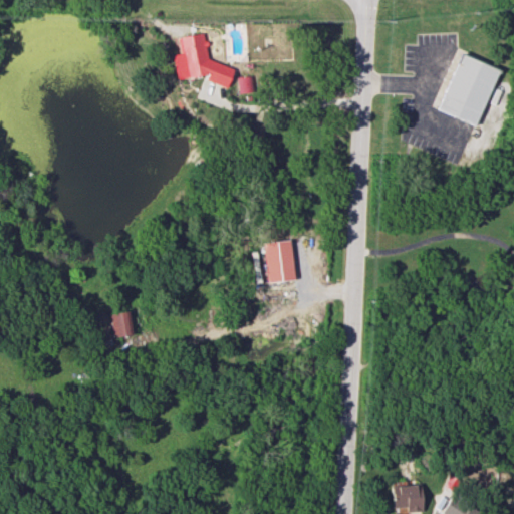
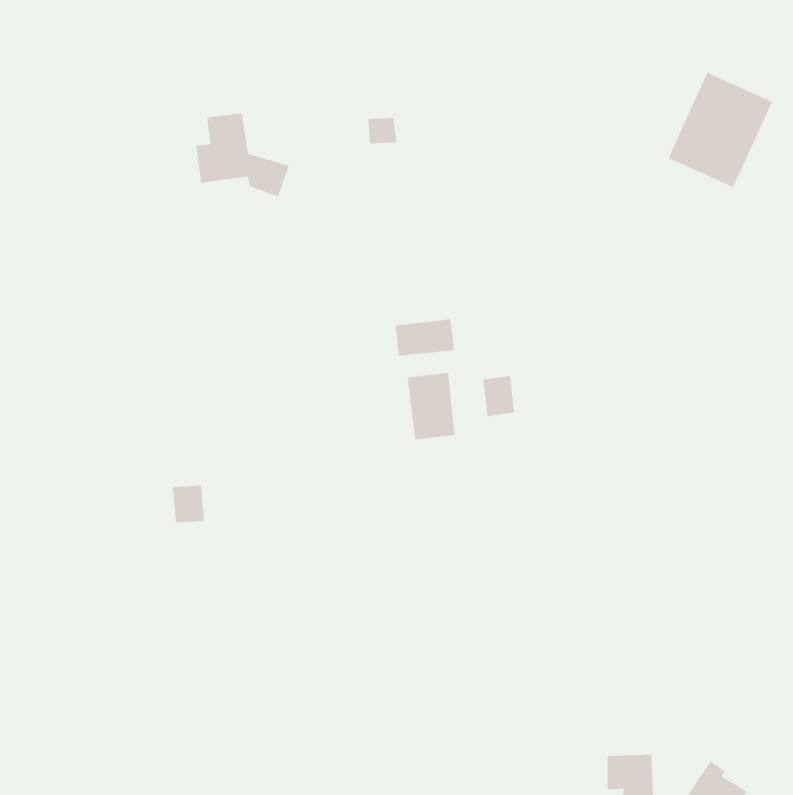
building: [176,36,236,90] -> [196,113,289,197]
building: none -> [395,319,454,356]
building: none -> [483,375,515,417]

